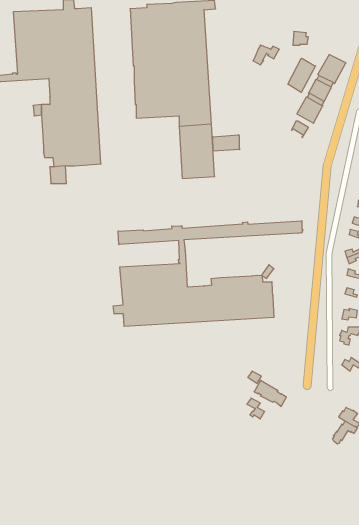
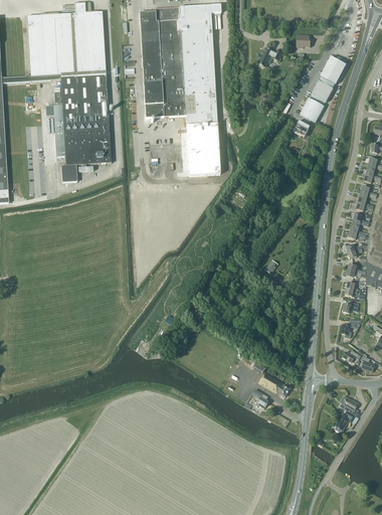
building: [288,58,316,92] -> none
building: [213,135,240,151] -> none
building: [113,221,303,326] -> none

